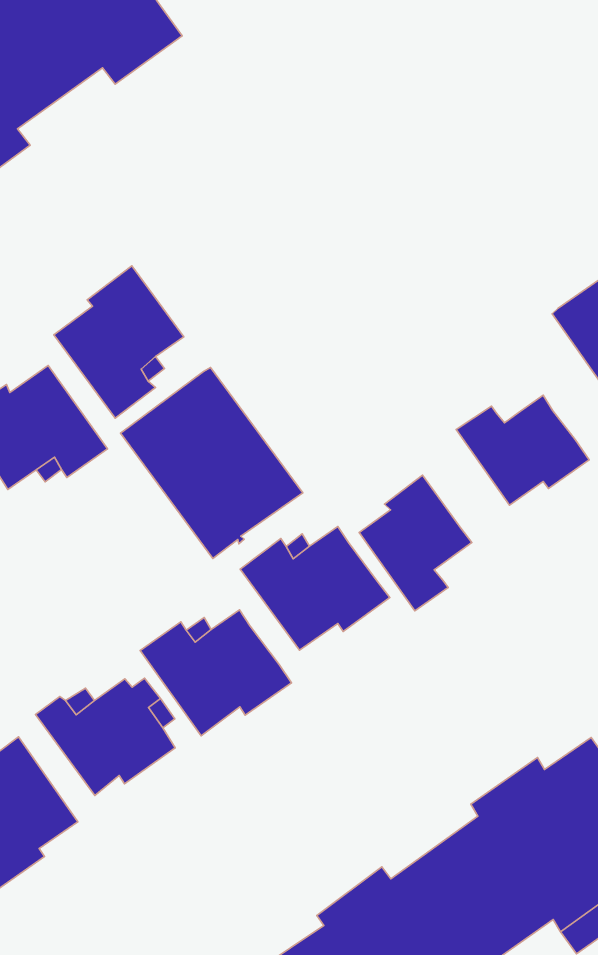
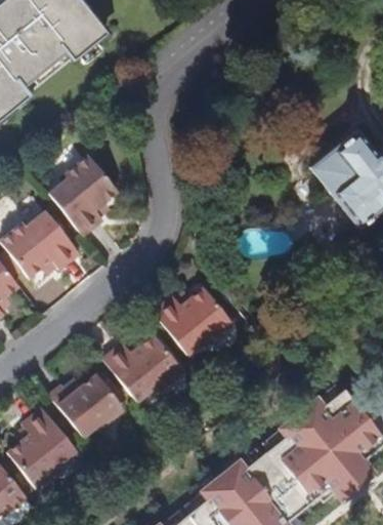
building: [121,367,303,559] -> none
building: [456,395,589,505] -> none
building: [359,475,472,611] -> none

